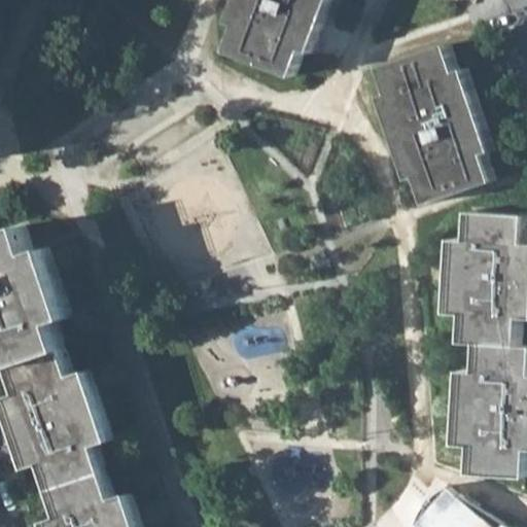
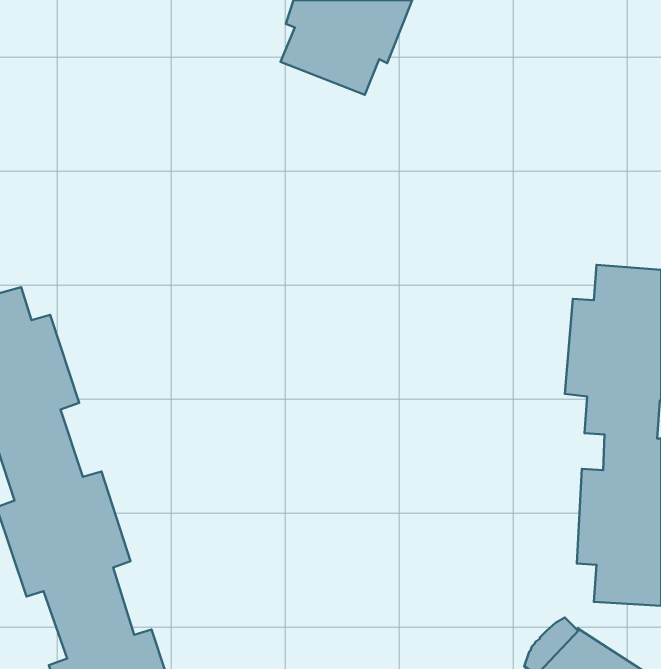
building: [373,44,487,205] -> none

